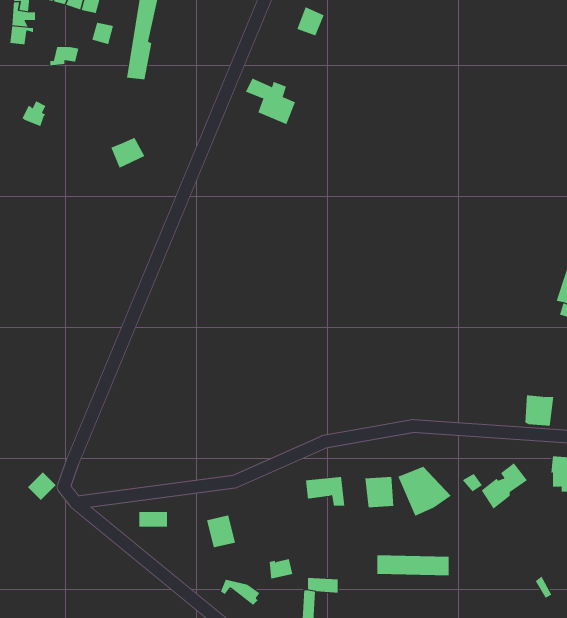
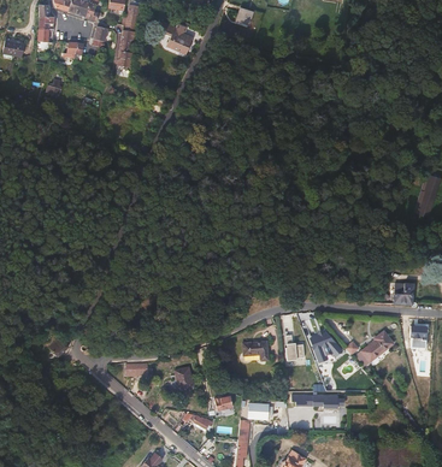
building: [245,78,296,125] -> [158,20,193,53]

